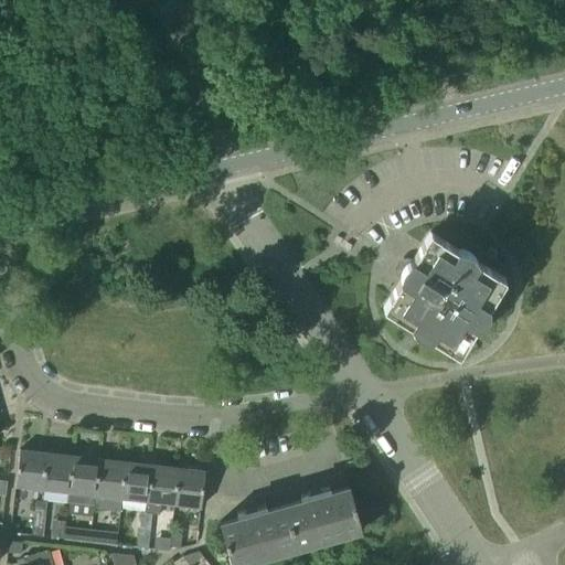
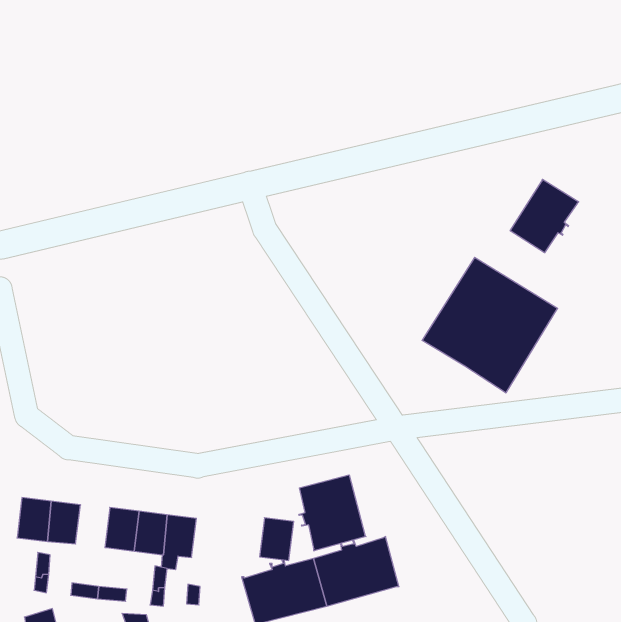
building: none -> [510,179,579,253]
building: none -> [299,475,366,551]
building: [70,458,102,507] -> none
building: [175,470,206,509] -> [260,518,294,560]

